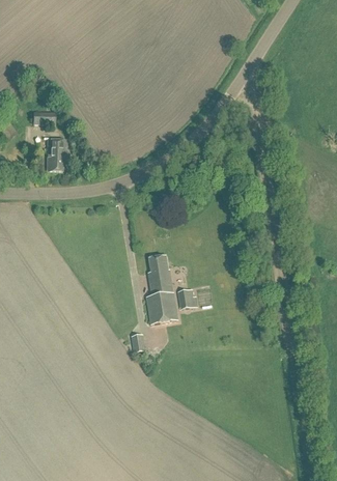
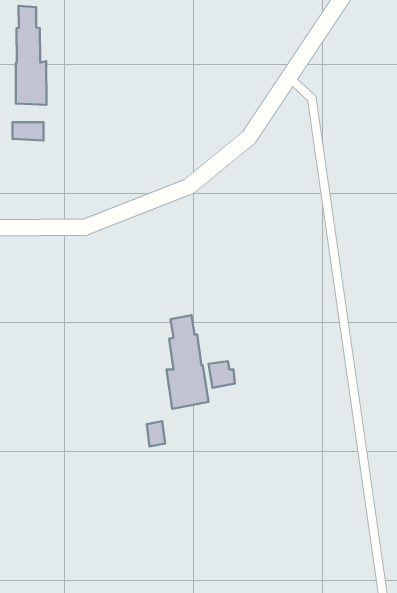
building: none -> [16,6,46,105]
building: [47,139,66,171] -> none

